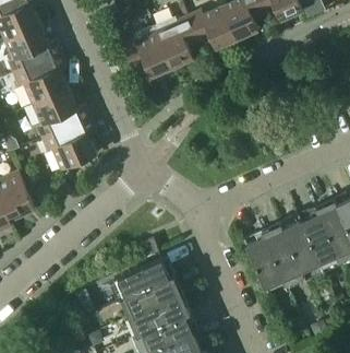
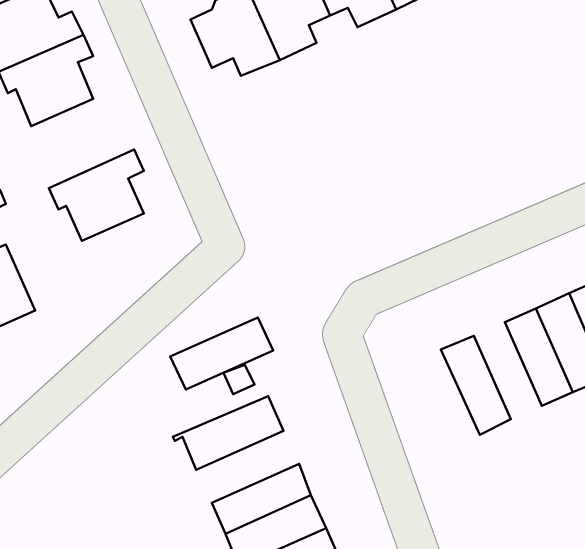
building: [33,90,90,140] -> none
building: [281,215,319,270] -> none
building: [243,231,285,292] -> none
building: [125,276,183,317] -> [170,318,273,389]

